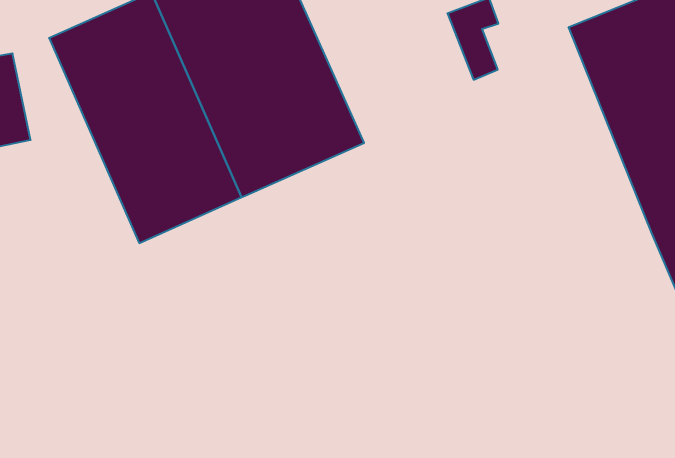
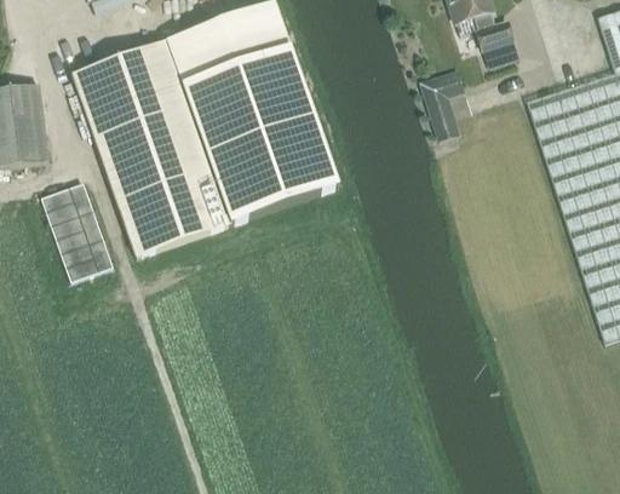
building: none -> [41,185,114,280]

